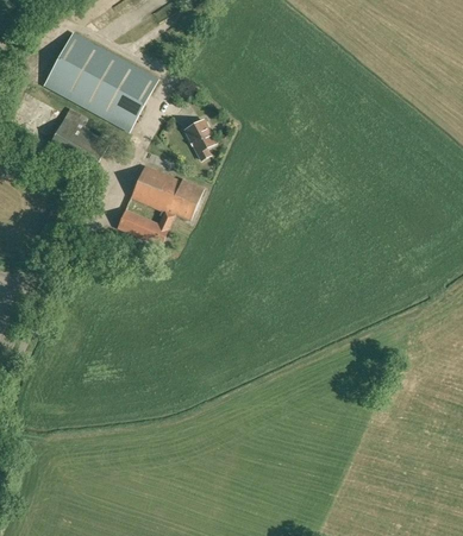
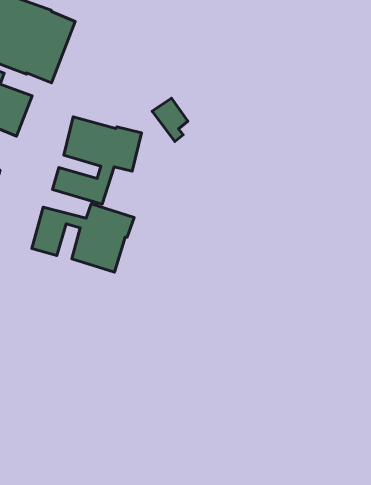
building: [184,119,215,158] -> [152,98,188,141]
building: none -> [32,204,134,272]

